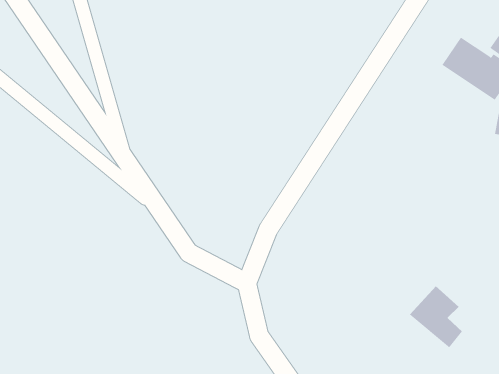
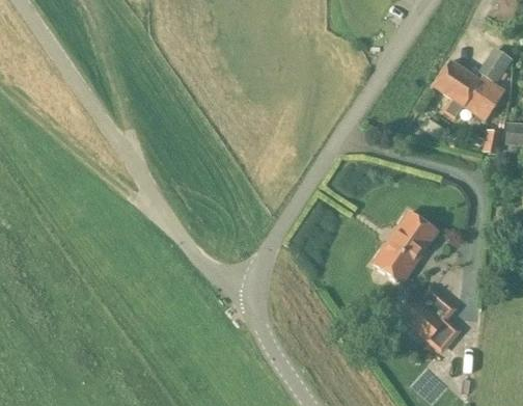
building: none -> [374,212,437,281]

